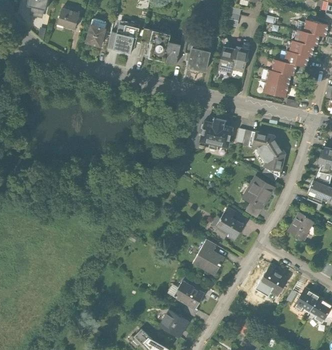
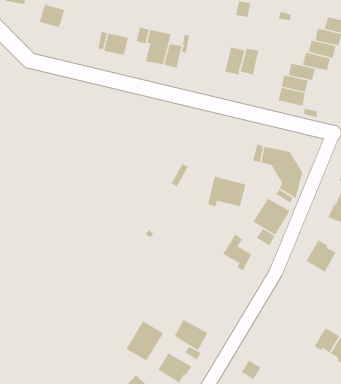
building: [86,18,107,45] -> none
building: [188,47,211,72] -> none
building: [199,120,233,147] -> [207,176,246,207]
building: [192,239,223,275] -> none
building: [260,267,288,296] -> none
building: none -> [125,320,164,361]

